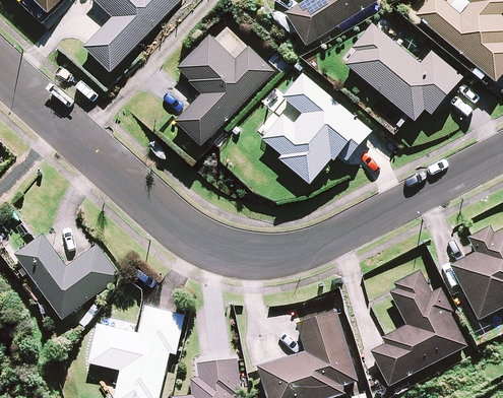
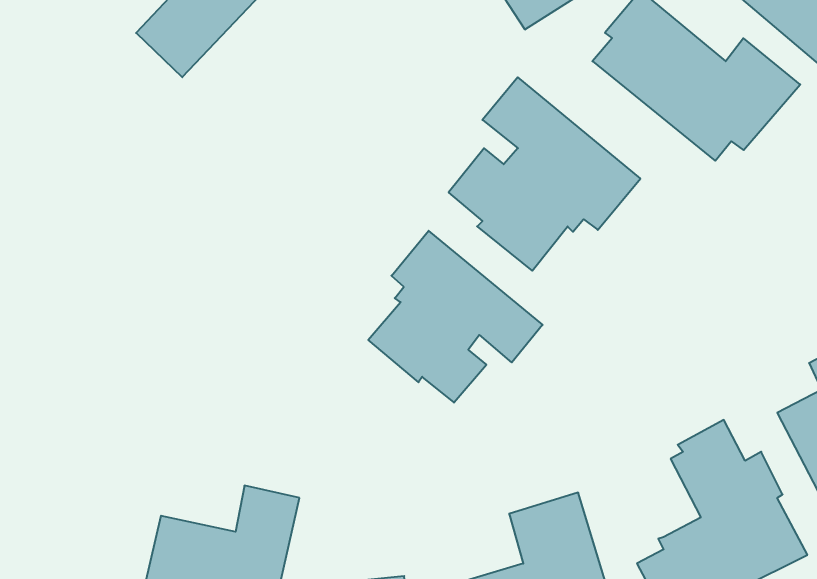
building: [175,35,273,146] -> none
building: none -> [368,231,543,403]
building: [14,235,120,319] -> none

